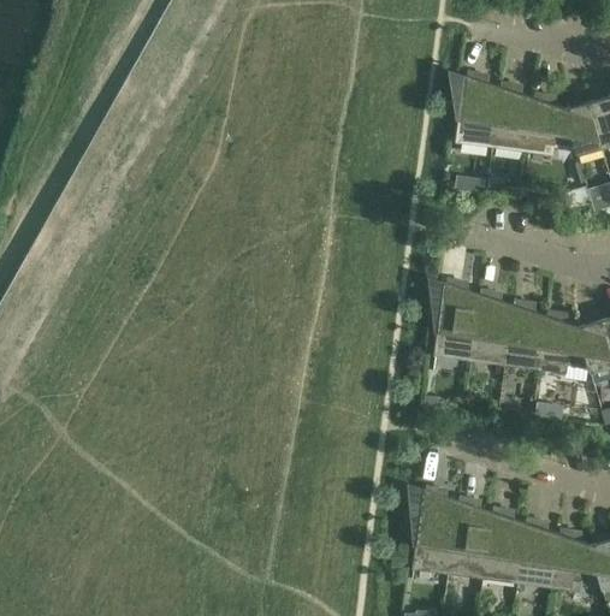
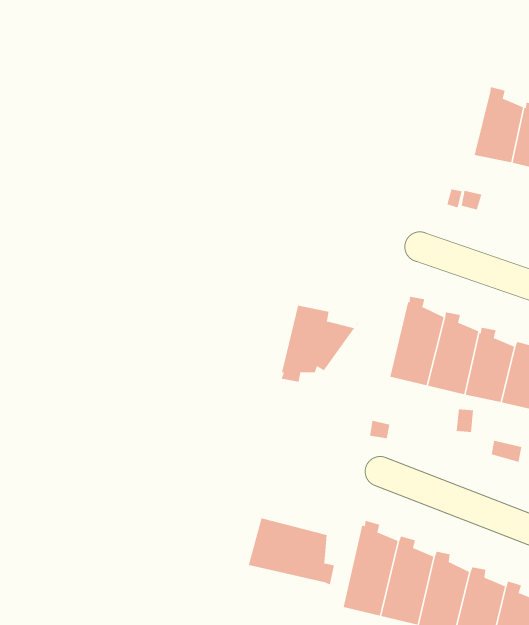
building: [456,73,499,147] -> none
building: none -> [281,305,359,382]
building: none -> [248,517,334,585]

